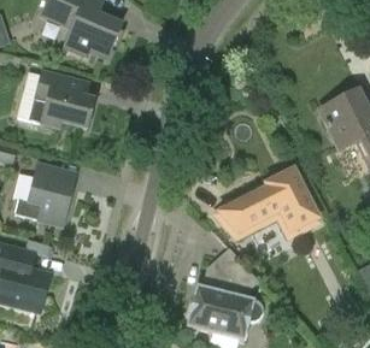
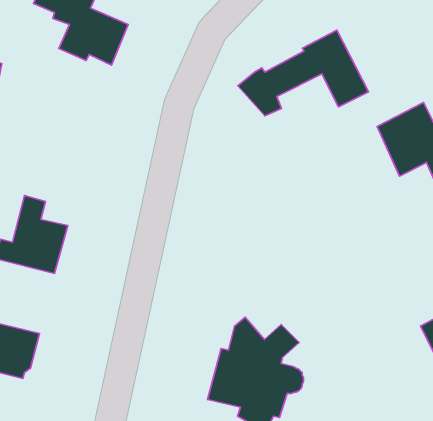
building: [30,70,95,130] -> none
building: [215,170,319,238] -> [238,30,368,116]

